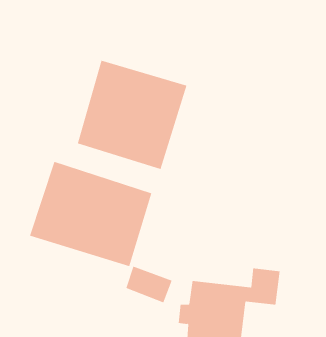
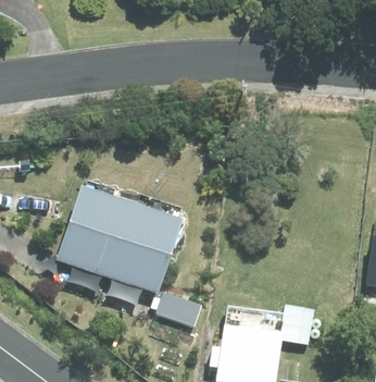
building: [77,60,187,170] -> none

